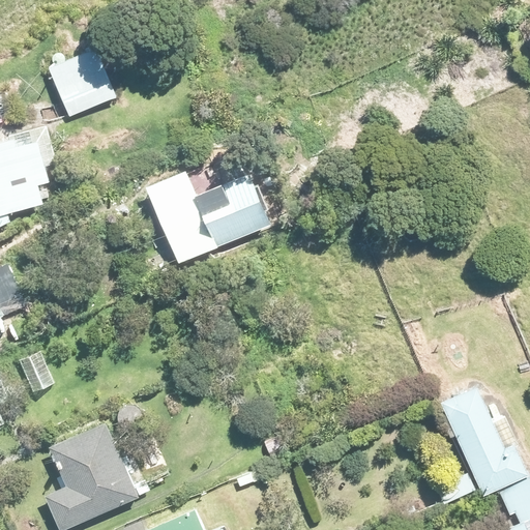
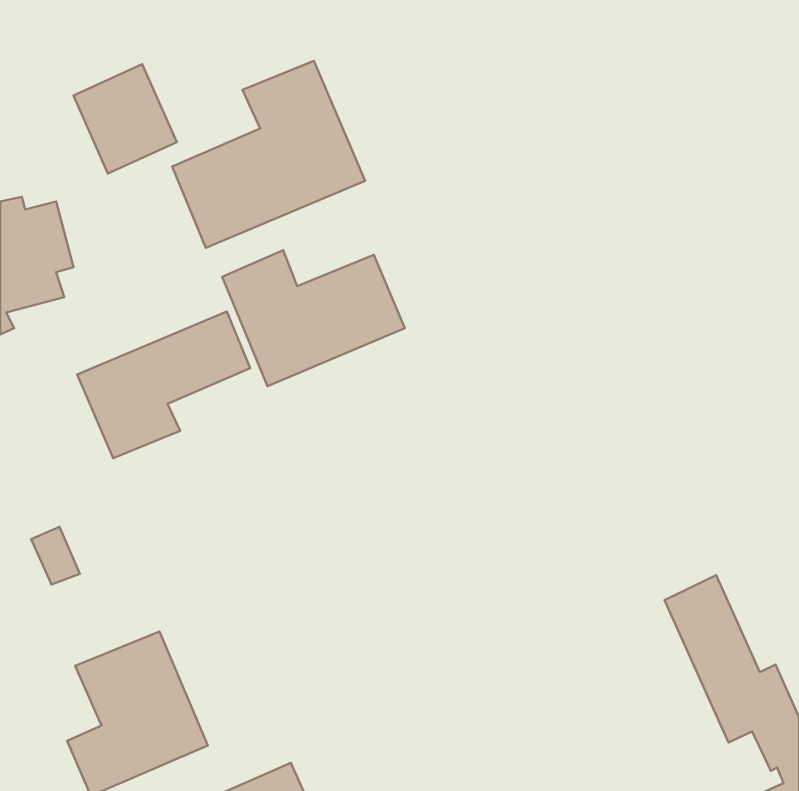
building: none -> [172,61,365,248]
building: none -> [77,312,250,458]

